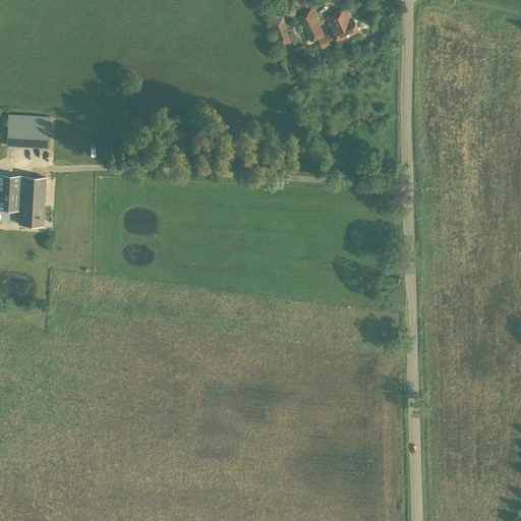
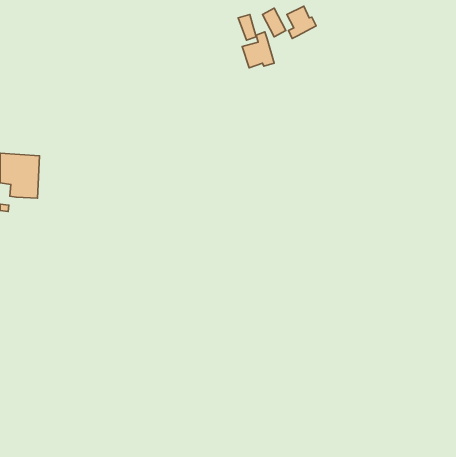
building: none -> [242,32,274,68]
building: [8,114,51,149] -> none

